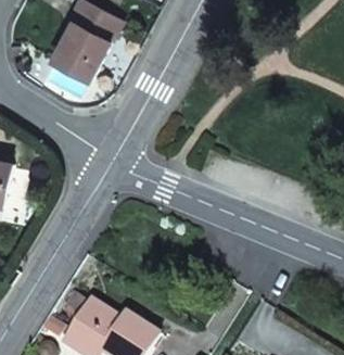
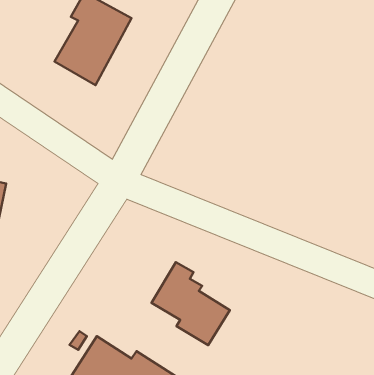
building: none -> [152,262,230,345]

